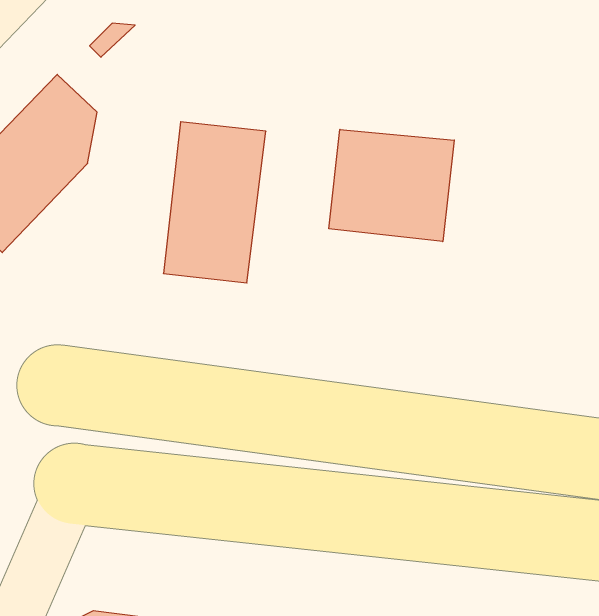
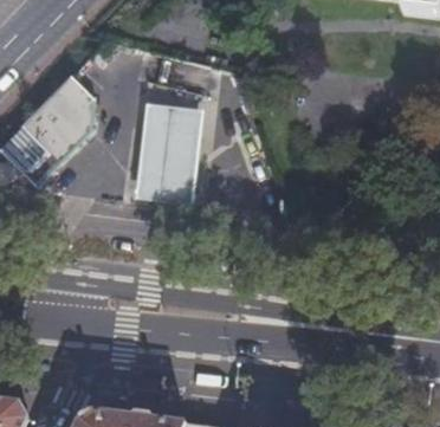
building: [329,129,454,242] -> none

